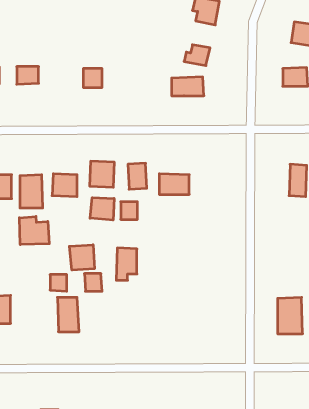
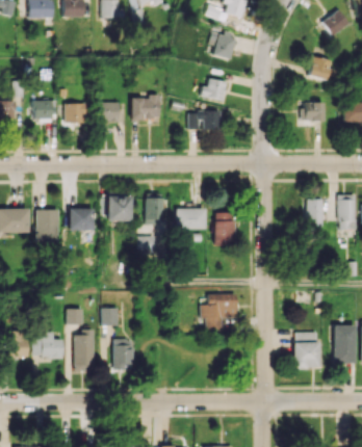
building: none -> [131,95,159,120]
building: none -> [66,103,86,123]
building: none -> [213,212,234,244]
building: [90,198,114,220] -> none
building: [19,216,49,245] -> none
building: [69,245,94,270] -> none
building: [116,248,137,280] -> [113,339,134,371]
building: none -> [200,294,236,328]
building: none -> [32,332,63,358]

